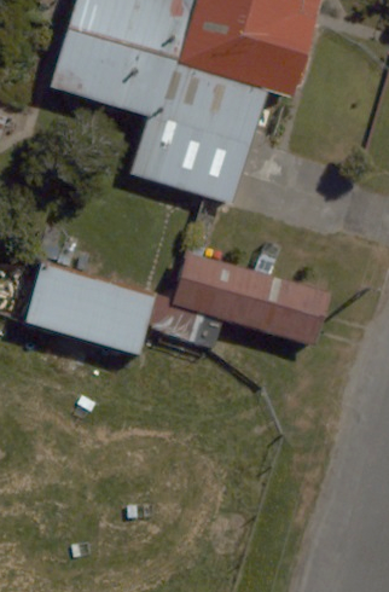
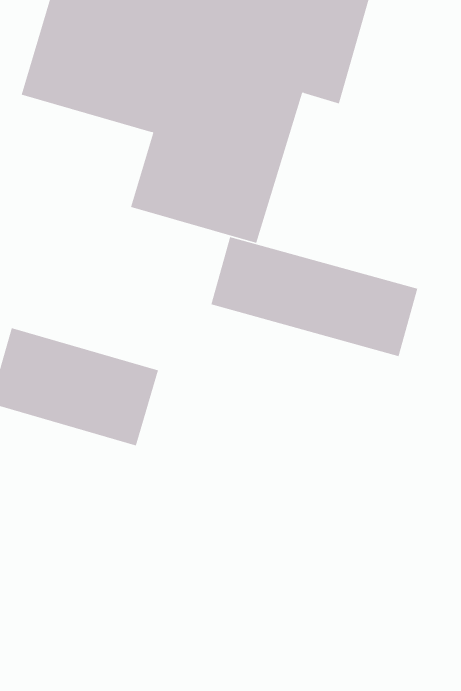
building: [172,253,330,344] -> [211,236,418,357]

